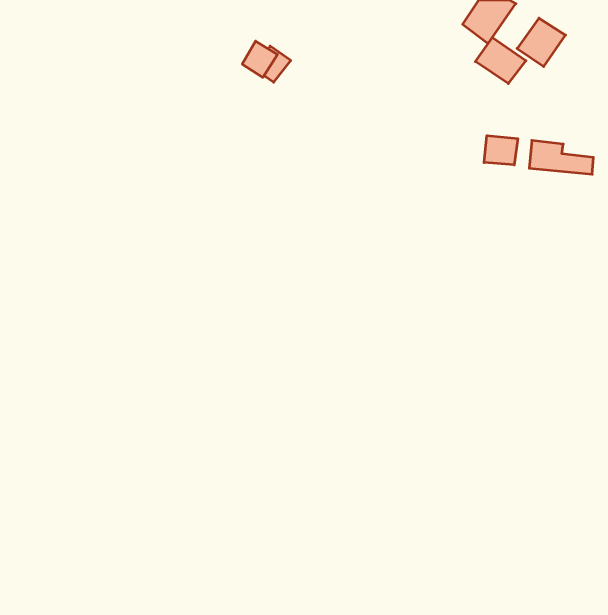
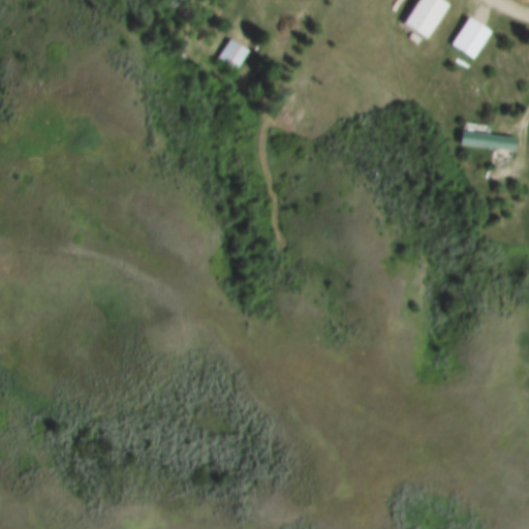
building: [475,37,526,84] -> none
building: [484,136,518,165] -> none

